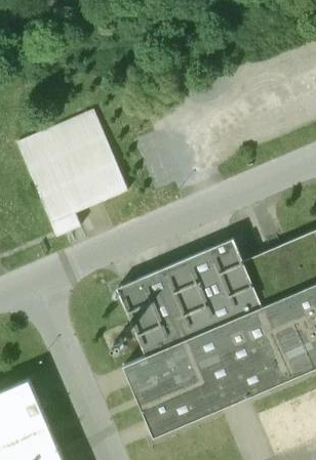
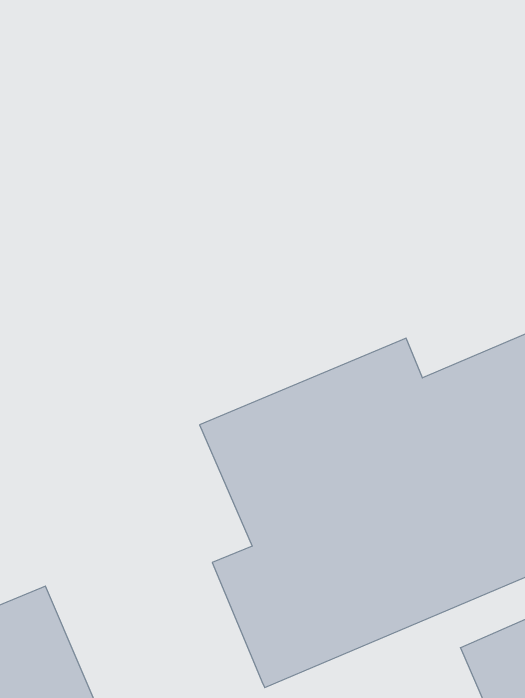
building: [16,111,127,237] -> none

